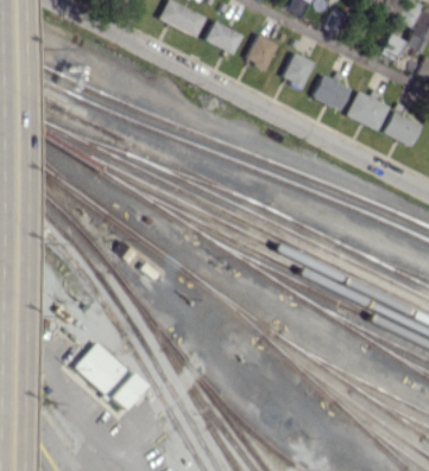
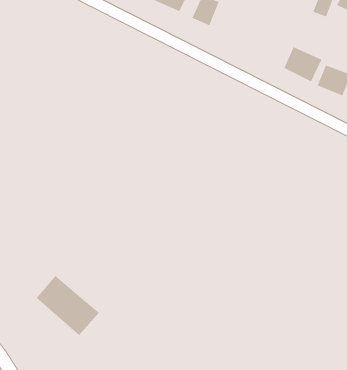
building: [282,52,314,88] -> none
building: [313,75,352,110] -> none

